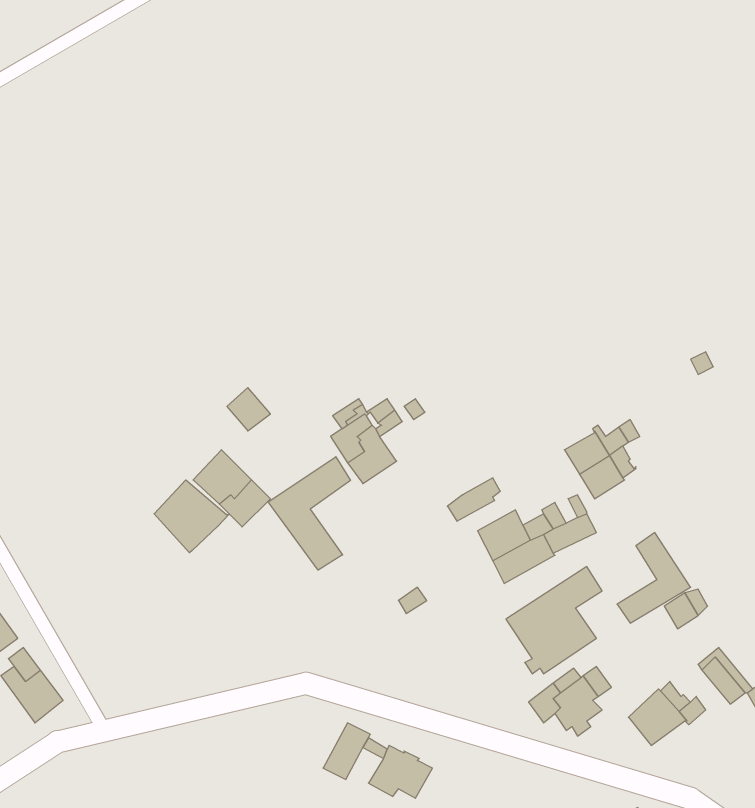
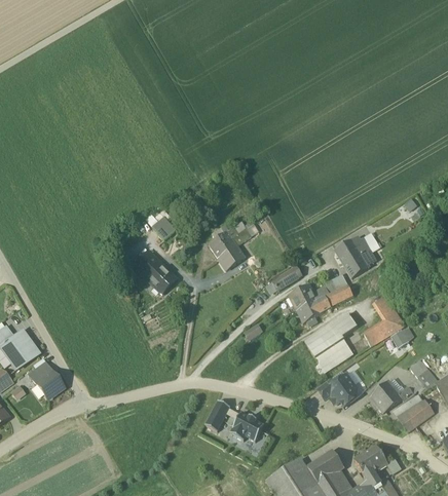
building: [268,457,350,570] -> none
building: [154,480,229,553] -> none
building: none -> [388,393,434,431]

